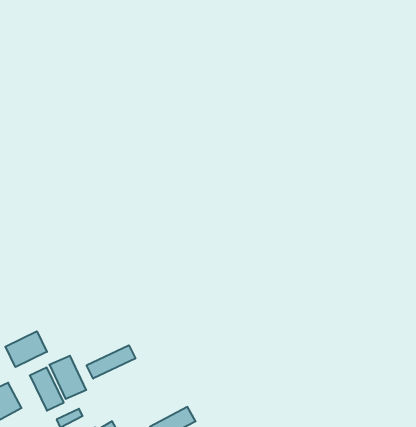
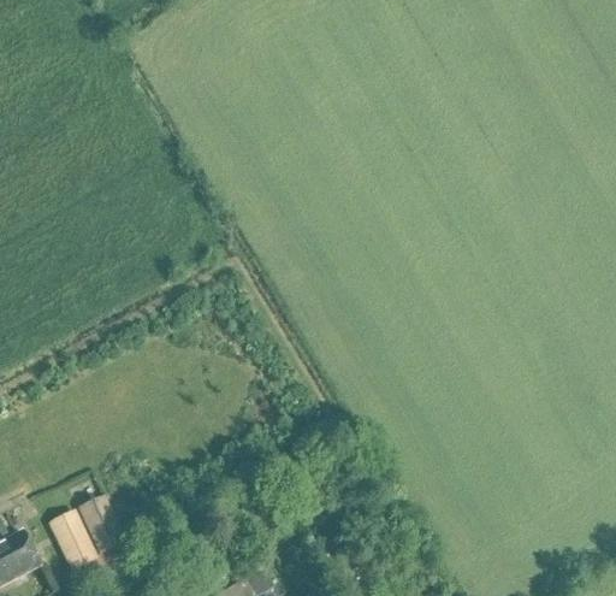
building: [5,331,47,367] -> none
building: [87,345,135,379] -> none

